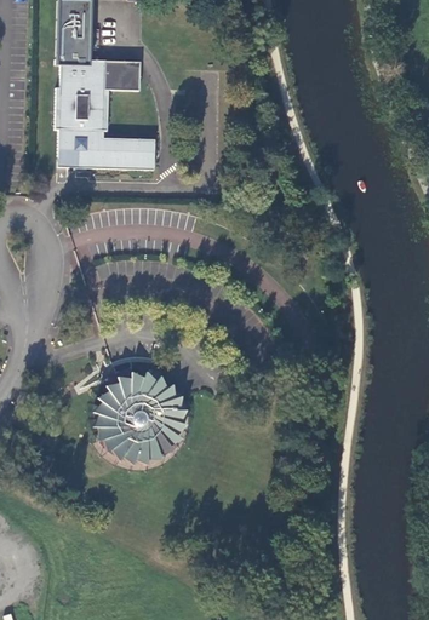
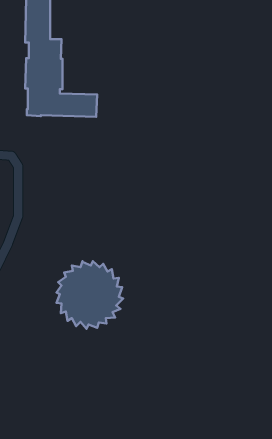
building: [104,57,139,86] -> none

